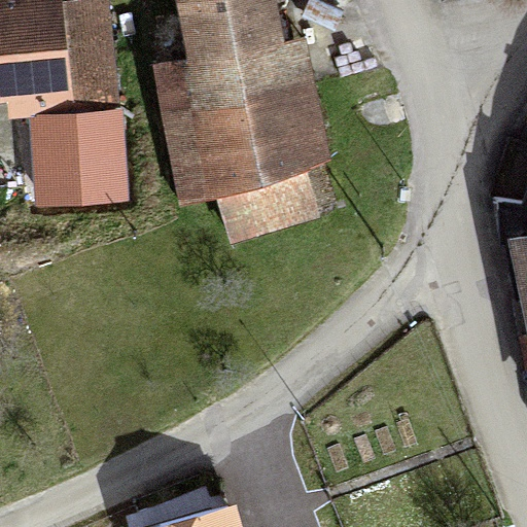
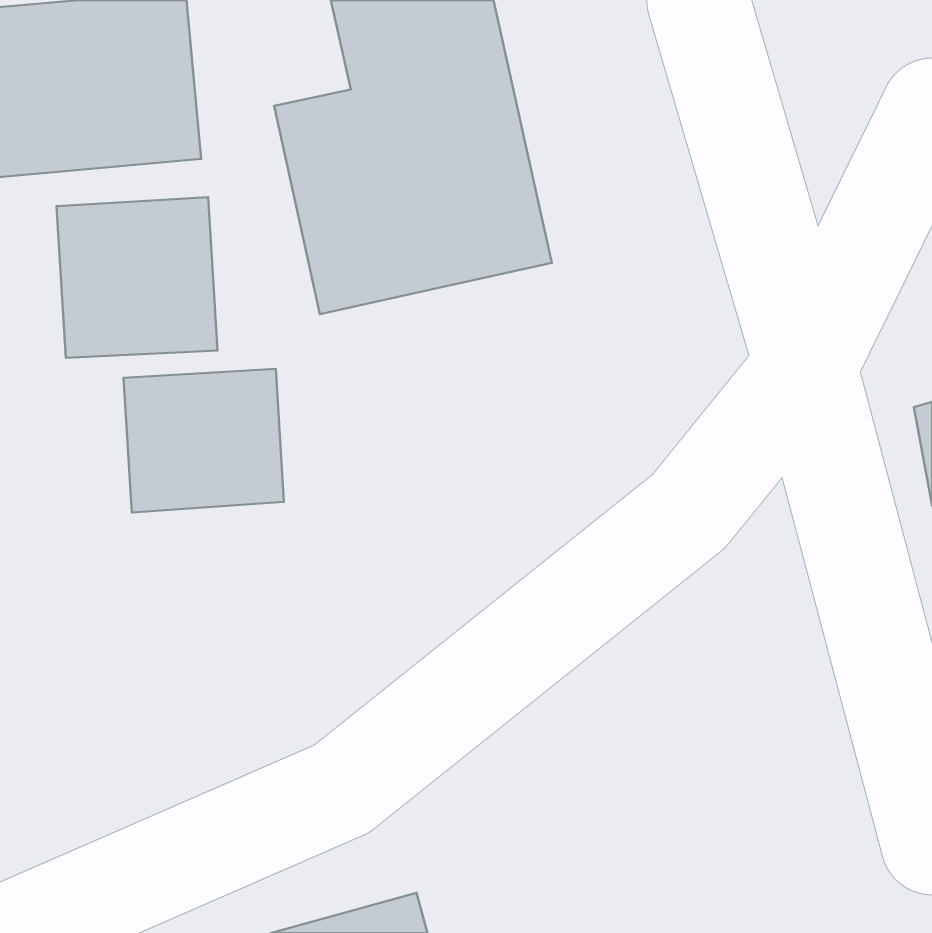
building: [222,148,324,229] -> none
building: none -> [124,369,284,512]

